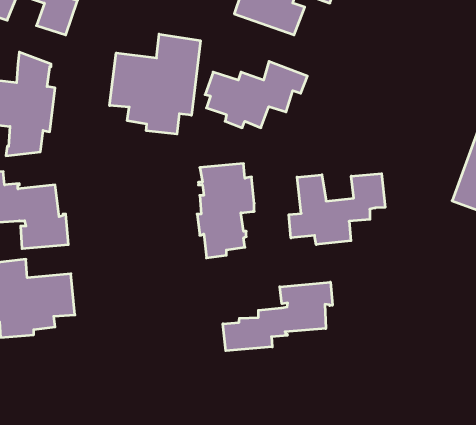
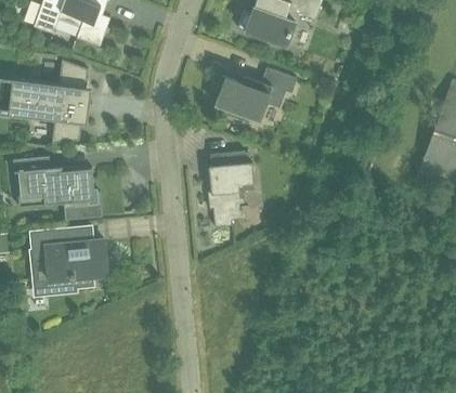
building: [110,34,200,134] -> none
building: [289,174,385,245] -> none
building: [223,282,332,351] -> none

